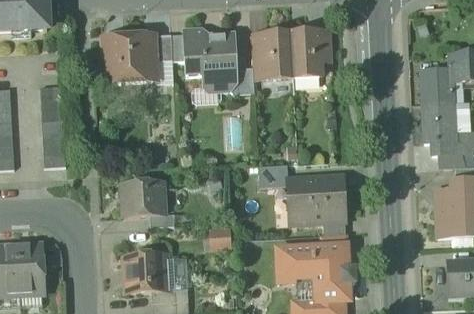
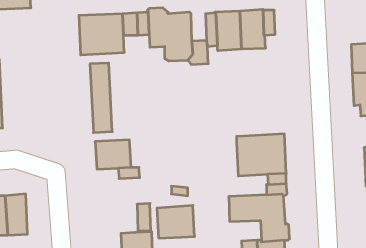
building: [40,85,66,166] -> [90,63,112,133]
building: [258,164,288,186] -> none
building: [124,254,168,292] -> [157,205,195,238]

